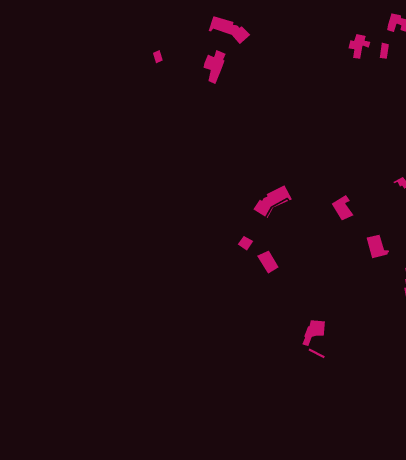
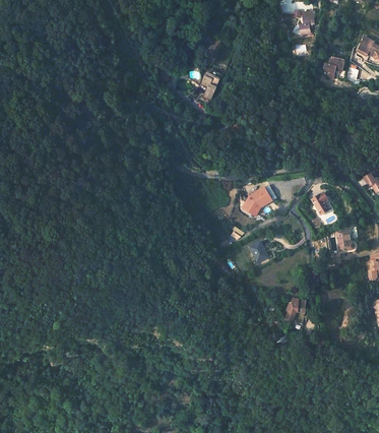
building: [207,15,251,45] -> none

